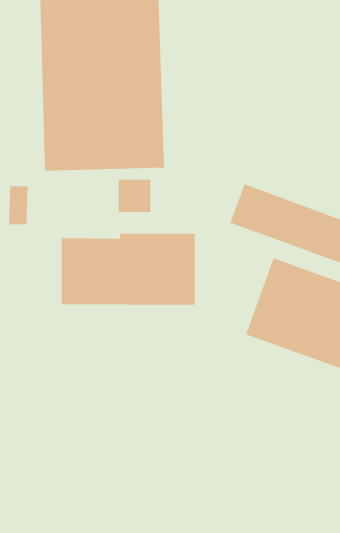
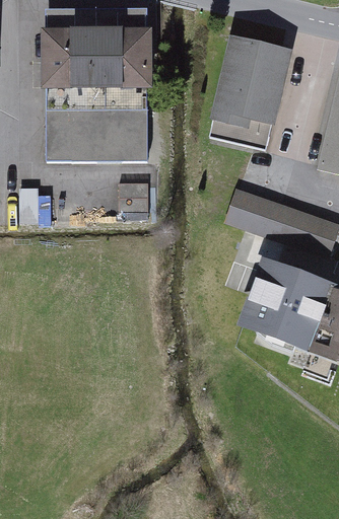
building: none -> [209,35,290,153]
building: [61,233,195,306] -> none

